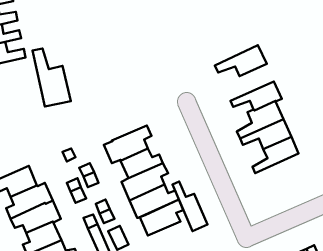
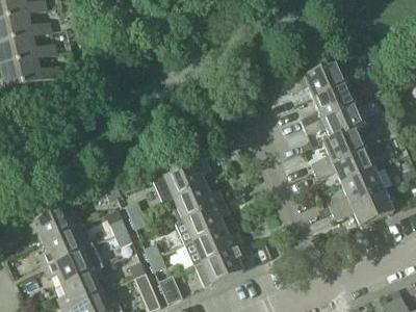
building: [32,49,71,107] -> none
building: none -> [301,82,355,126]
building: none -> [333,188,393,225]
building: [173,181,208,231] -> none

